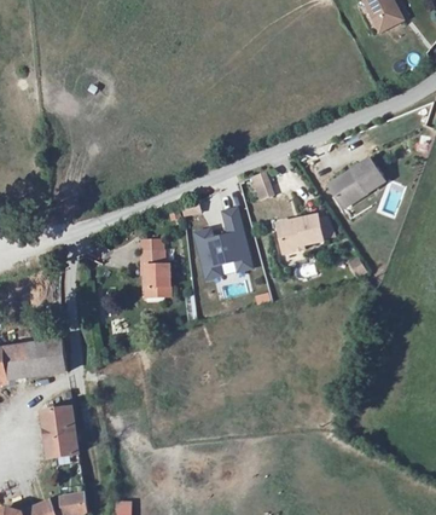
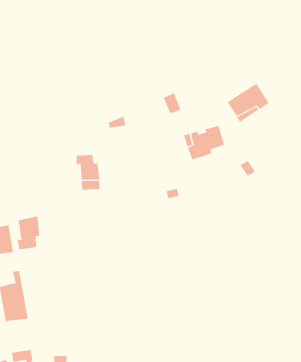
building: [192,203,248,273] -> none
building: none -> [17,216,40,250]

